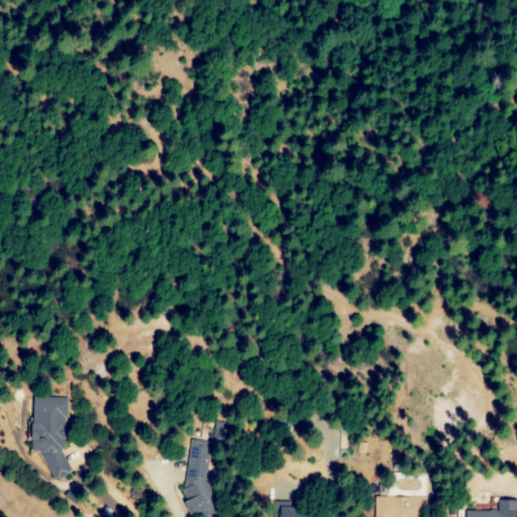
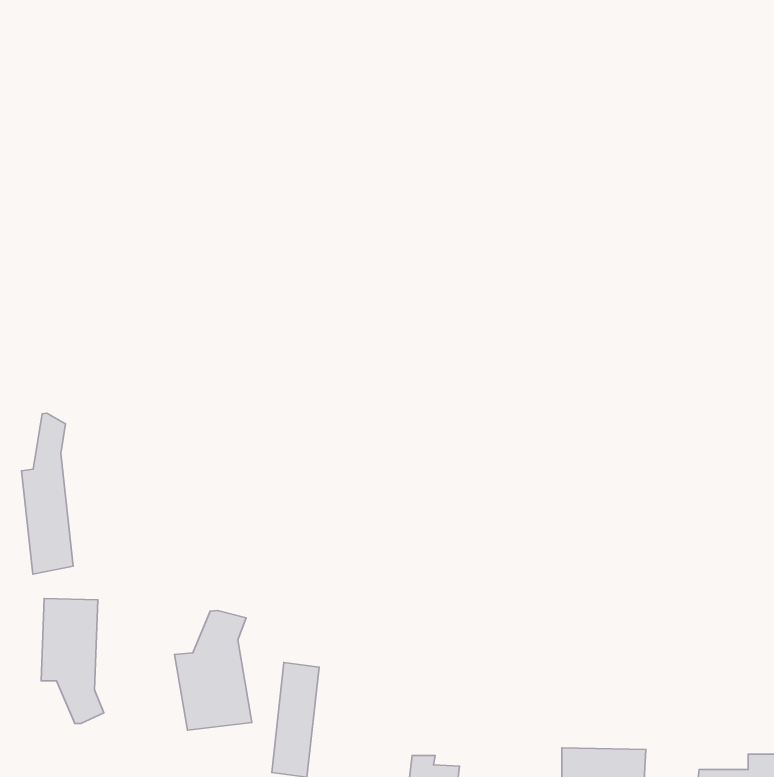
building: none -> [21,413,73,574]
building: none -> [174,611,252,730]

